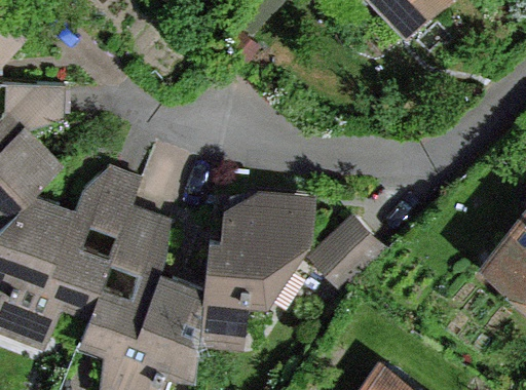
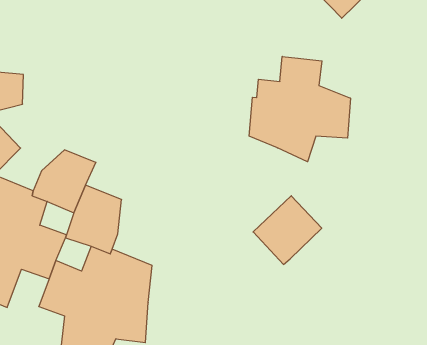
building: none -> [249,56,350,162]
building: [198,203,309,337] -> none

